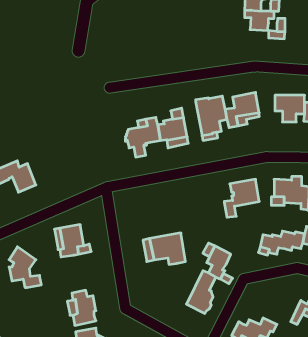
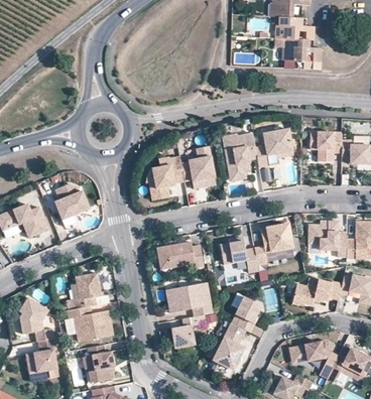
building: none -> [54,183,89,220]
building: none -> [220,241,258,273]
building: none -> [156,242,203,268]
building: none -> [68,306,113,342]
building: none -> [171,315,204,348]
building: none -> [25,339,58,378]
building: none -> [290,341,337,379]

